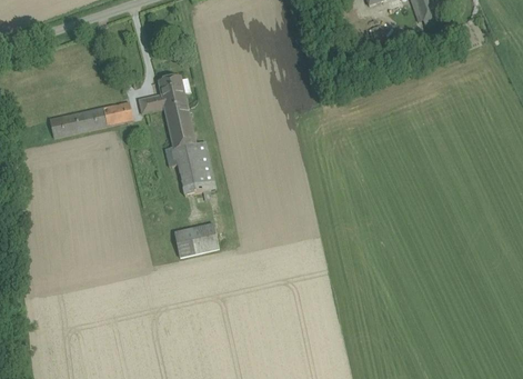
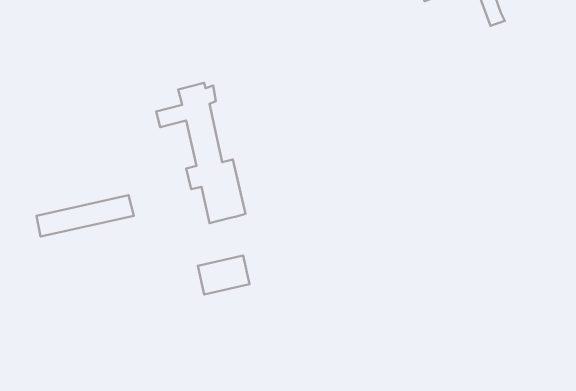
building: [49,102,132,138] -> [37,195,134,237]

